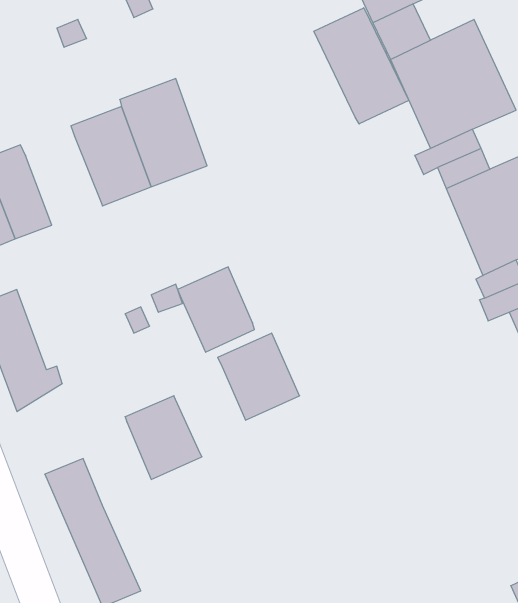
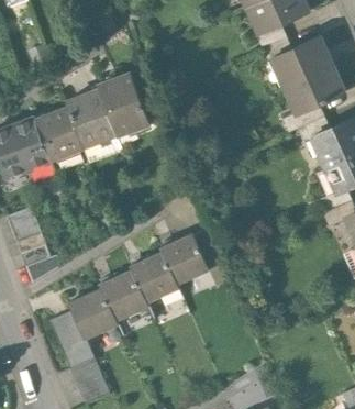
building: [314,8,409,124] -> none
building: none -> [36,109,85,165]
building: [178,267,254,352] -> [127,253,176,307]
building: none -> [68,289,121,342]

